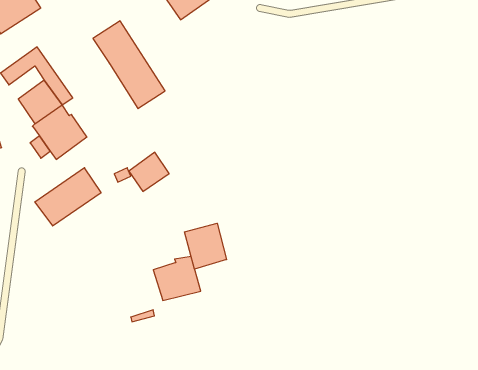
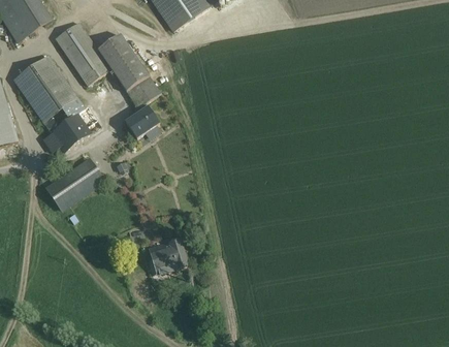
building: none -> [56,22,111,85]
building: none -> [24,70,55,99]
building: [129,152,169,191] -> [125,103,160,137]
building: [184,223,227,269] -> none

